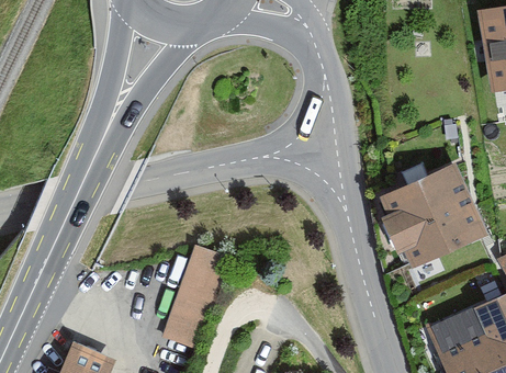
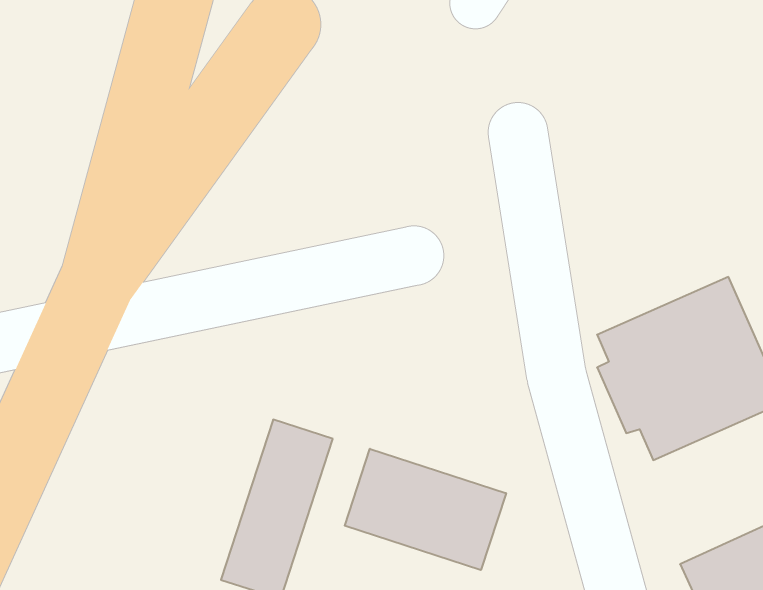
building: none -> [345,449,506,570]

